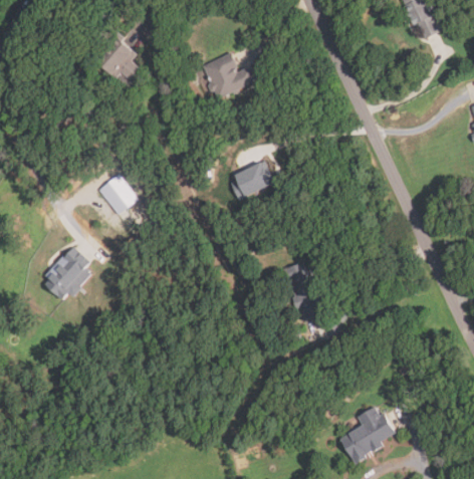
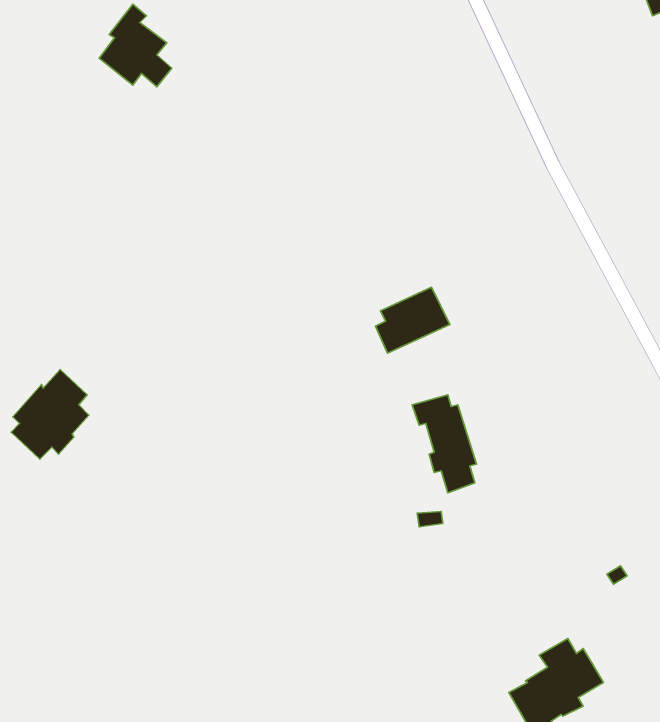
building: [202,53,257,97] -> none
building: [231,160,275,199] -> [376,287,450,353]
building: [97,174,138,215] -> none

